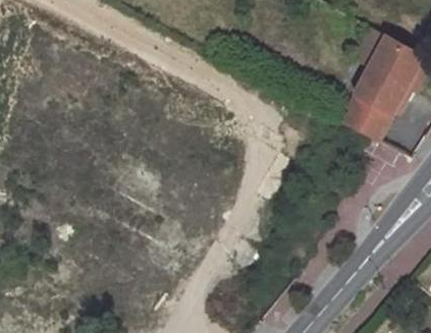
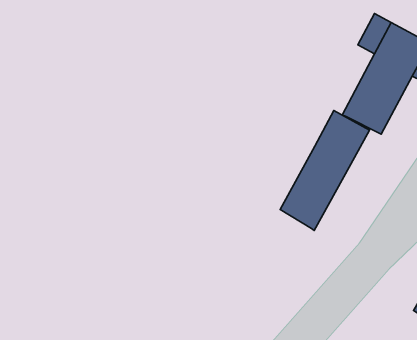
building: none -> [280,111,370,231]

